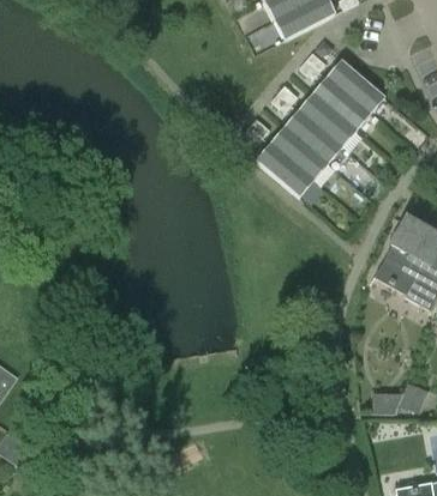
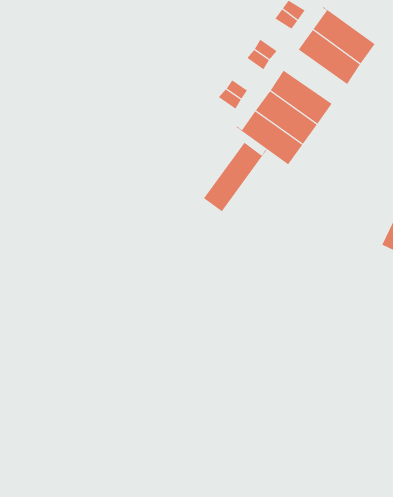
building: [300,95,355,145] -> none
building: none -> [203,142,267,212]

